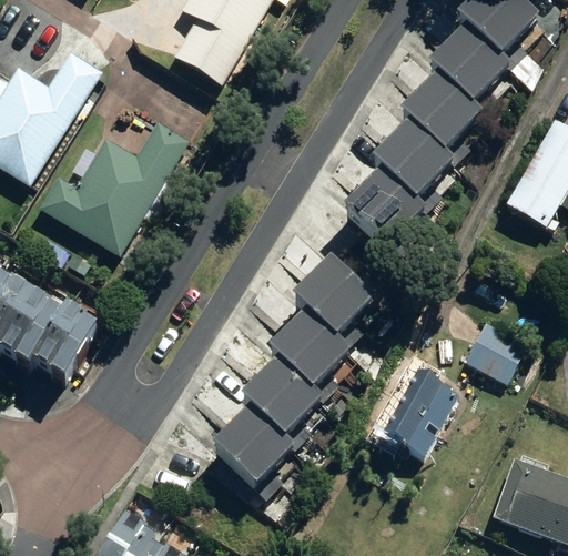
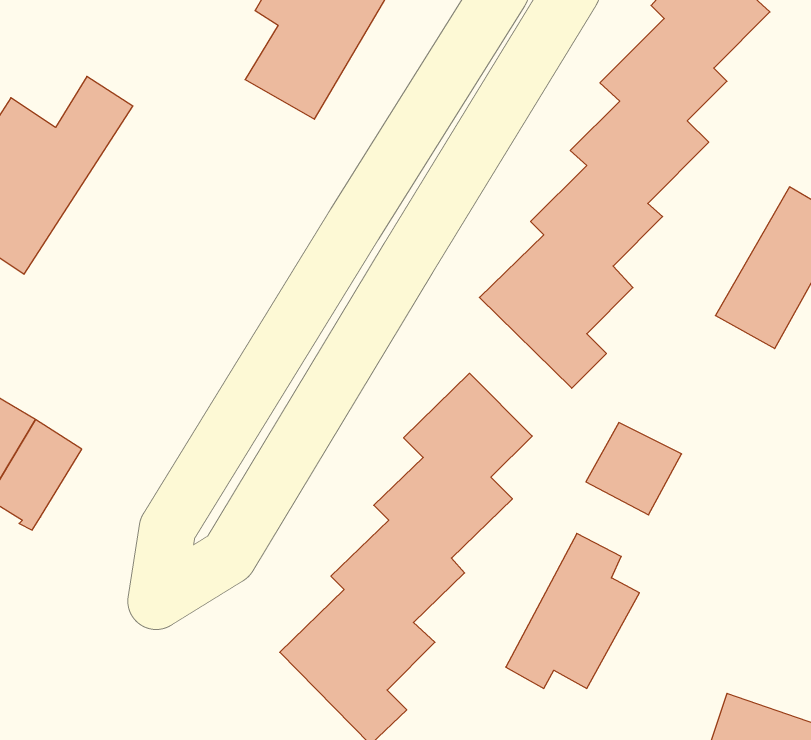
building: [44,121,195,257] -> none
building: [44,300,111,375] -> none
building: [459,328,524,391] -> [586,423,682,515]

